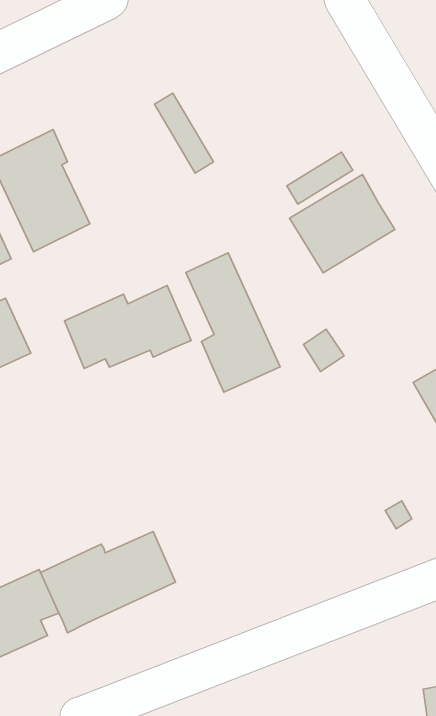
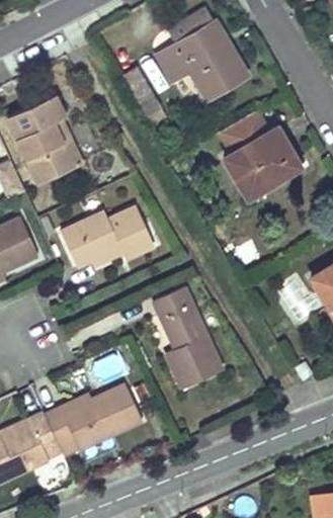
building: none -> [156,21,245,98]
building: [186,253,280,392] -> [154,287,222,387]

